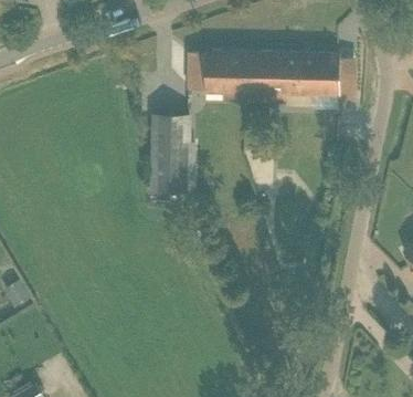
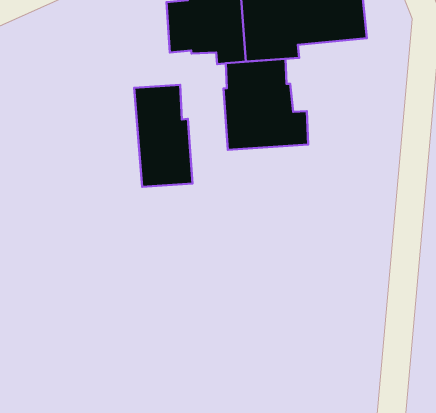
building: none -> [223,59,308,150]

